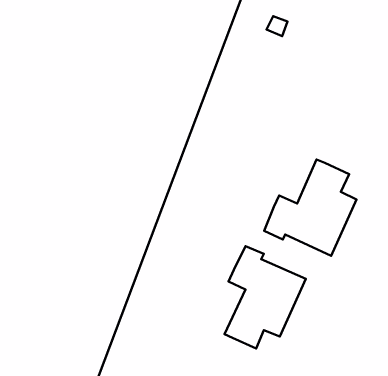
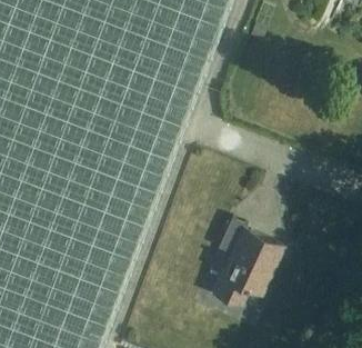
building: [264,159,357,256] -> none

